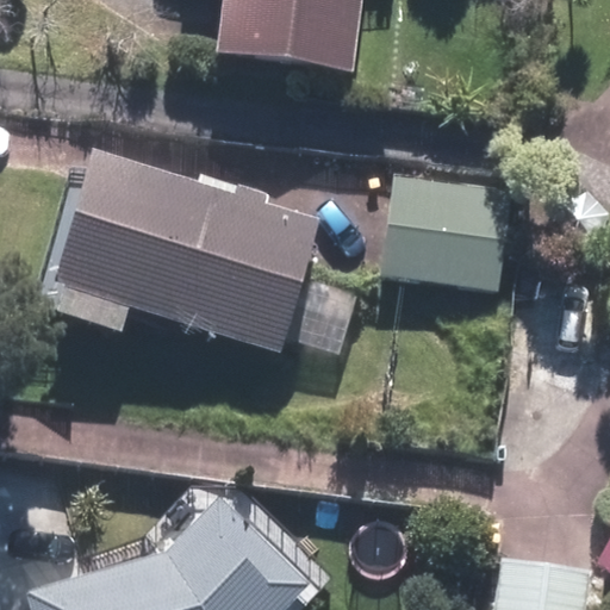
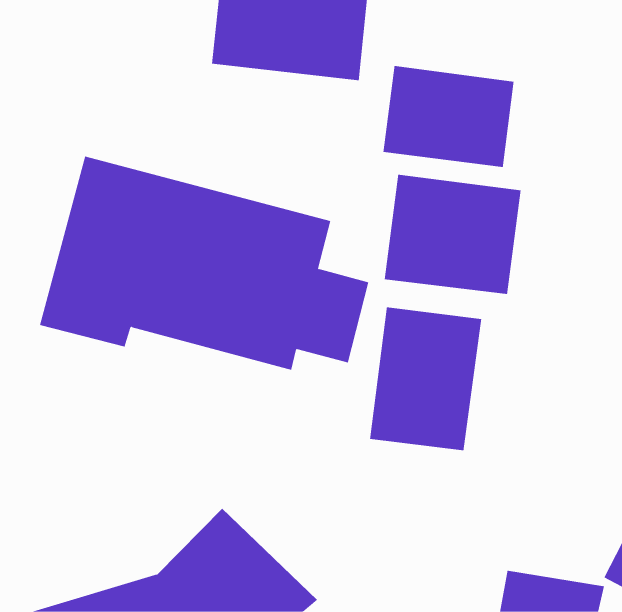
building: none -> [383,65,514,168]
building: none -> [370,306,482,451]

